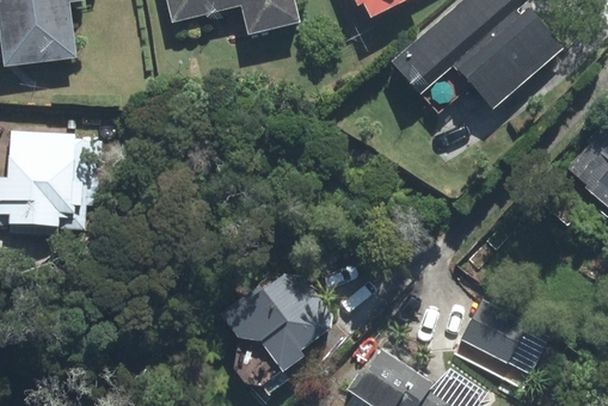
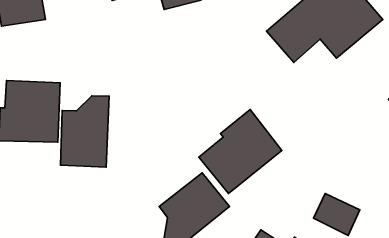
building: none -> [60,96,109,167]
building: none -> [199,110,282,193]

